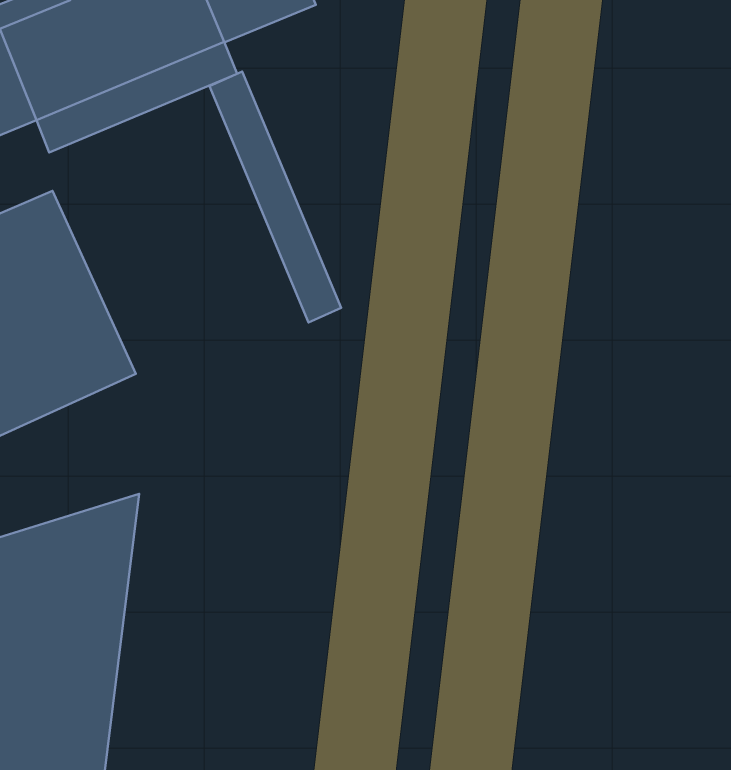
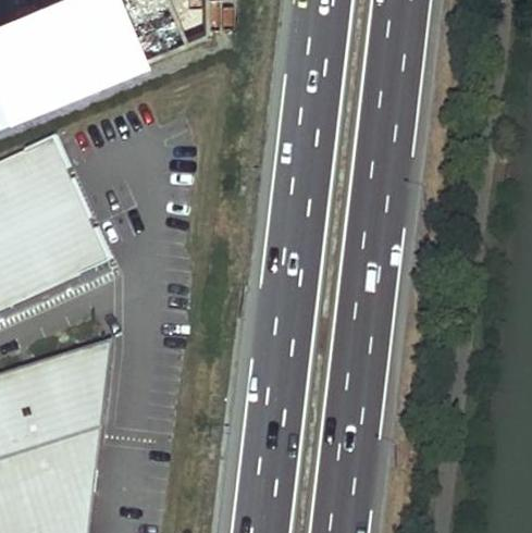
building: [209,72,341,322] -> none

